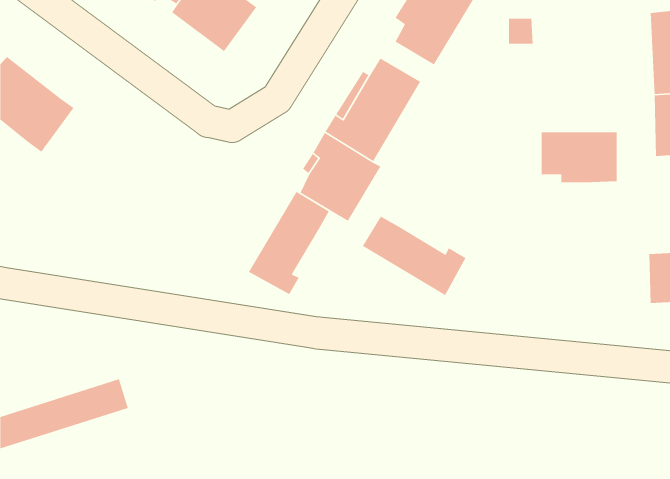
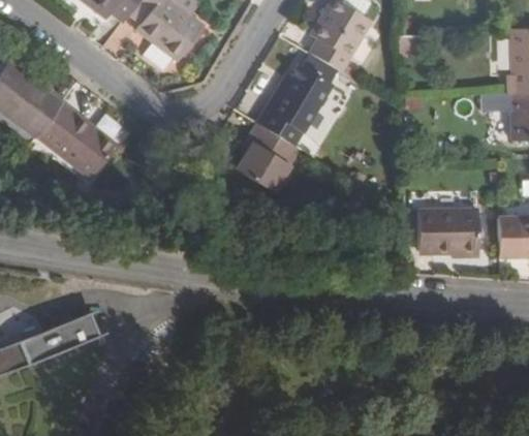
building: none -> [35,103,115,179]
building: [541,131,617,183] -> [422,212,481,252]
building: [248,191,330,295] -> none
building: [362,216,467,296] -> none

